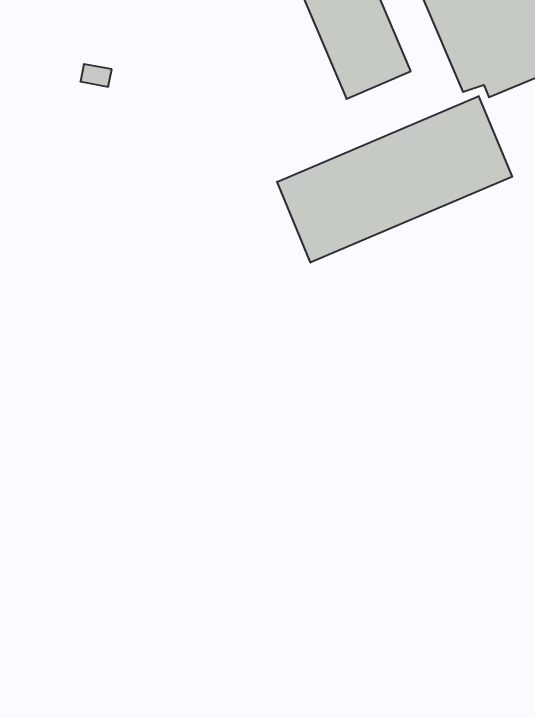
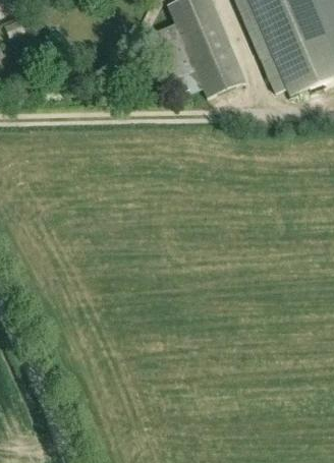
building: [277,96,512,263] -> none

